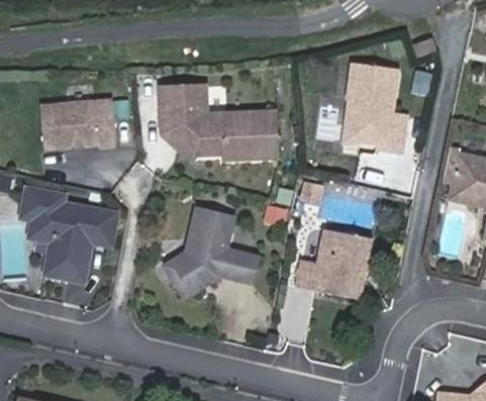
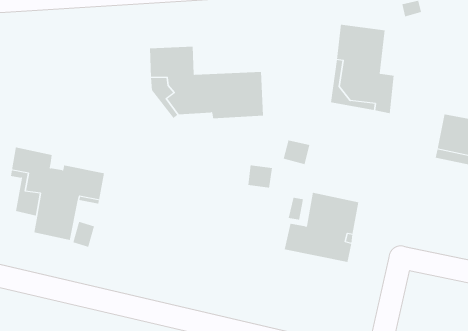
building: [40,99,116,146] -> none
building: [163,208,259,301] -> none

